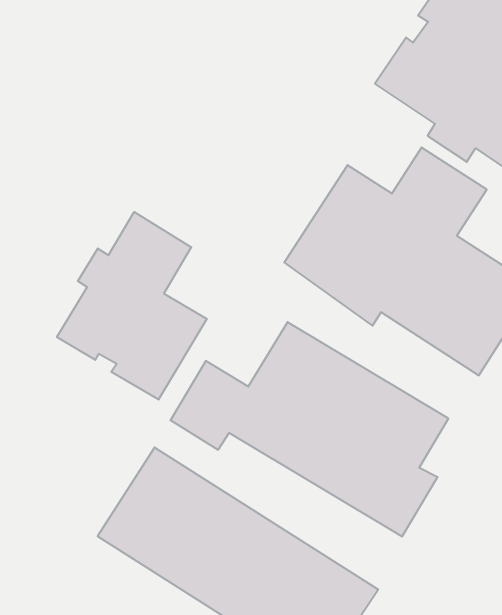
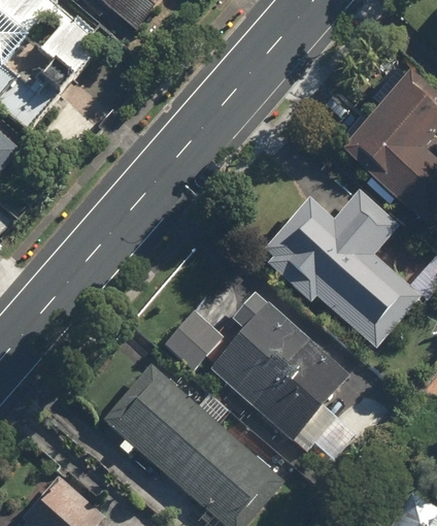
building: [57,212,207,400] -> none

